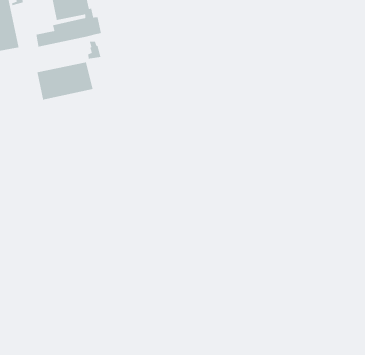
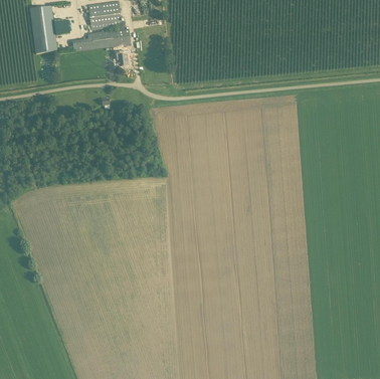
building: [37,61,94,100] -> none

